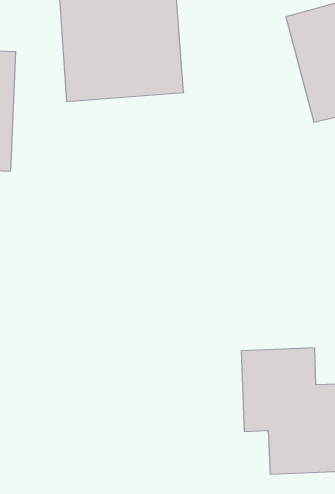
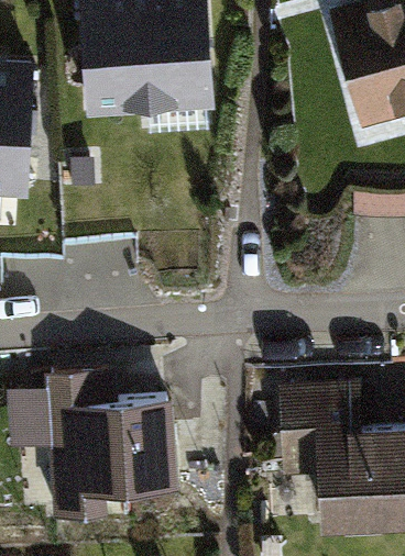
building: none -> [47,379,176,526]

